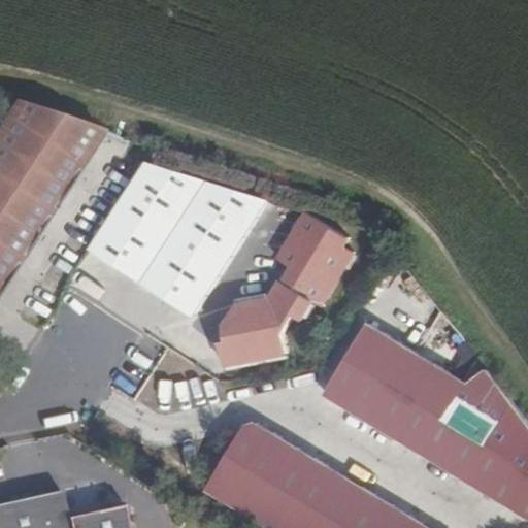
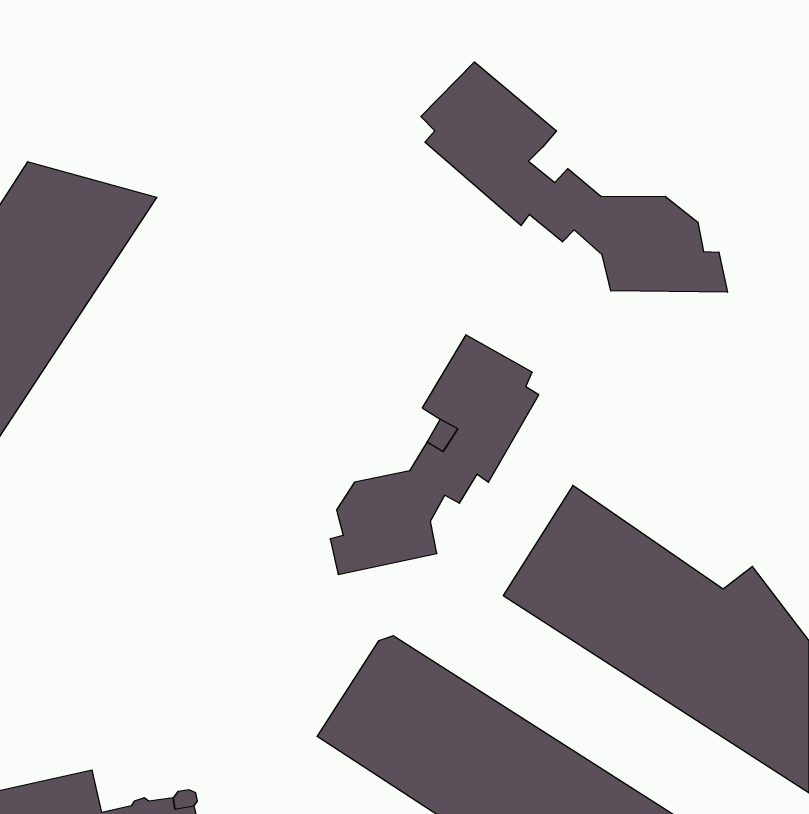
building: none -> [421,62,727,292]
building: [95,165,273,315] -> none

